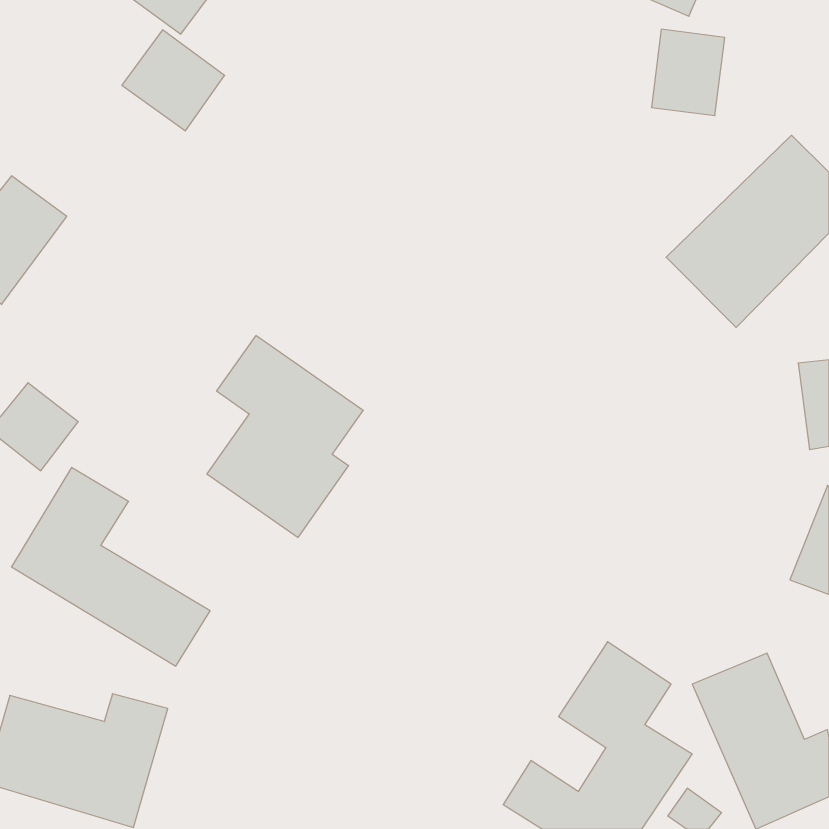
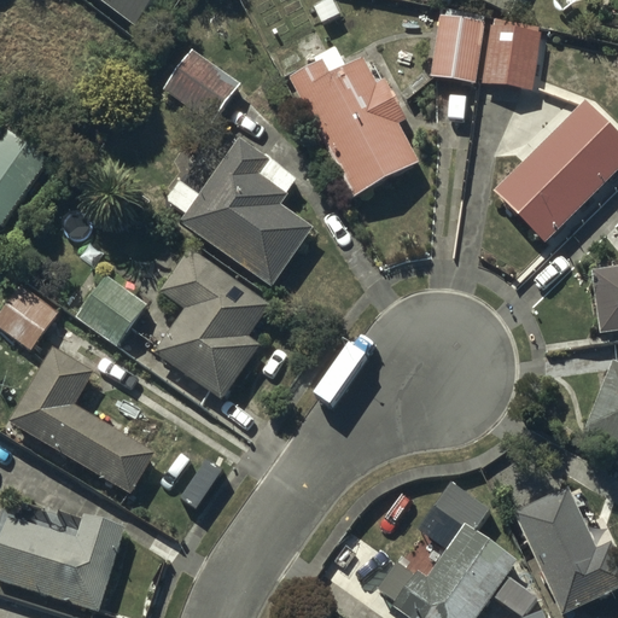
building: none -> [431,10,482,81]
building: [122,30,225,131] -> [163,48,239,123]
building: none -> [290,52,418,198]
building: none -> [164,139,313,287]
building: none -> [76,278,144,345]

